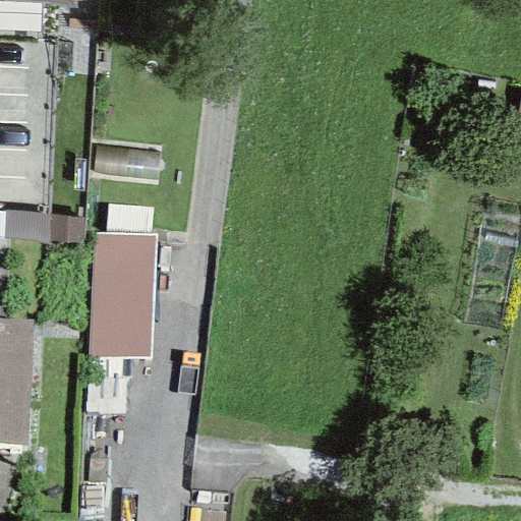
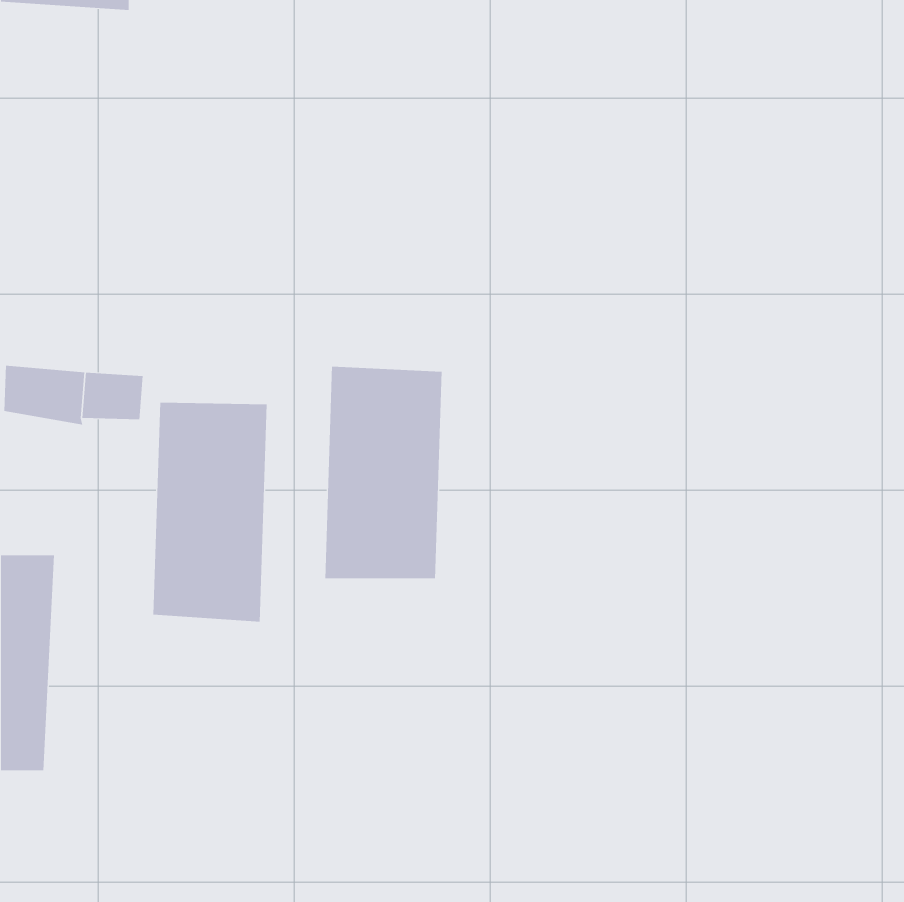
building: none -> [325,366,442,579]

